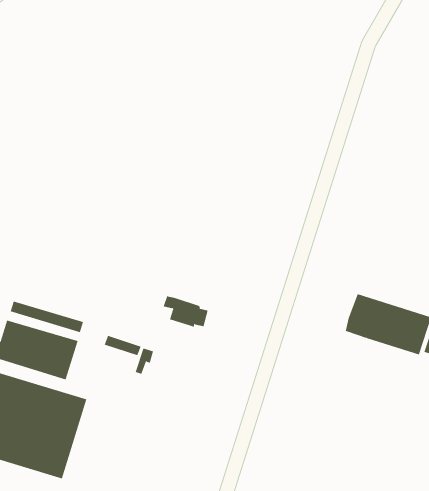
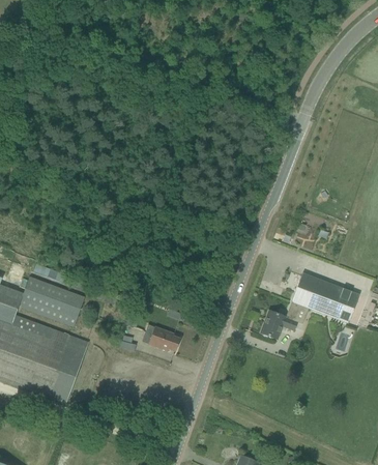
building: [163,296,209,327] -> [145,324,180,350]
building: none -> [261,301,309,339]

